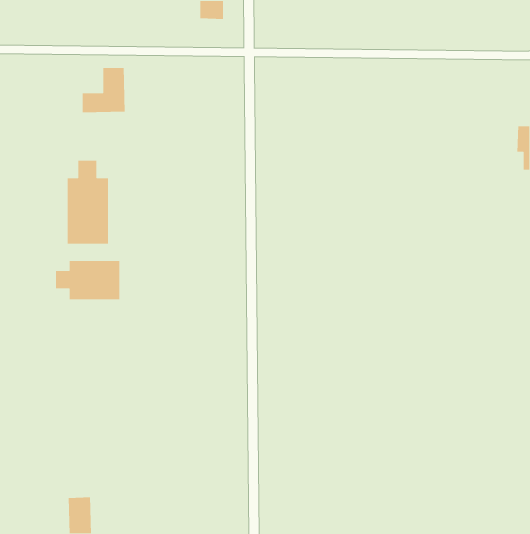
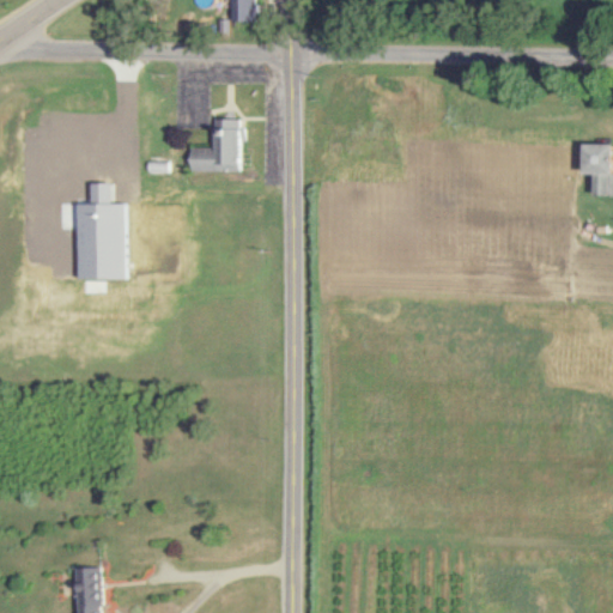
building: [82,67,126,113] -> [188,120,238,172]
building: [55,260,120,300] -> none

